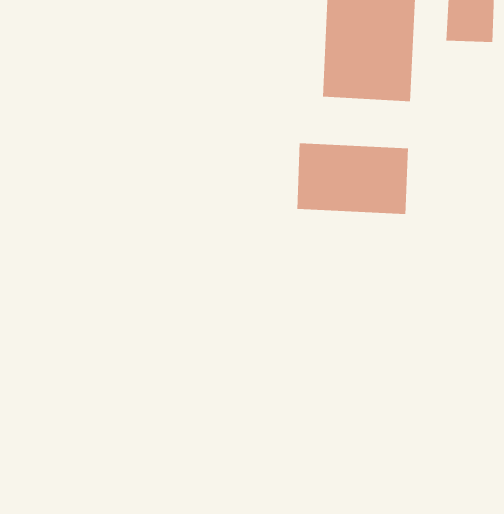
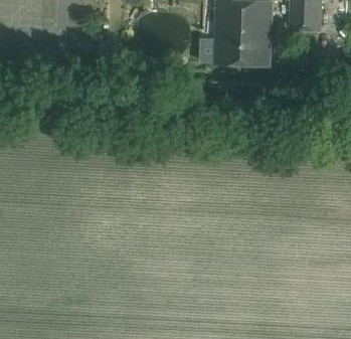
building: [297,143,408,215] -> none

